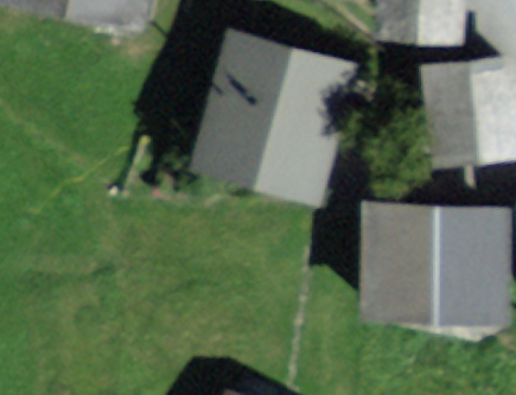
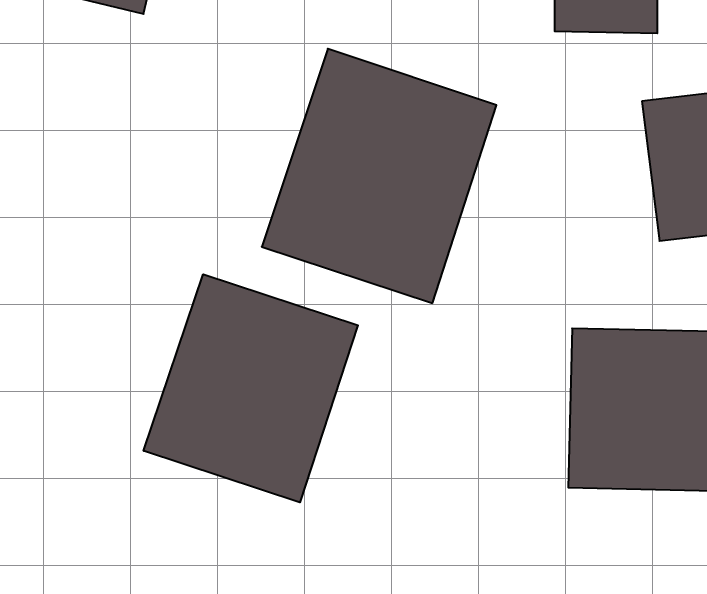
building: none -> [144,274,358,502]

